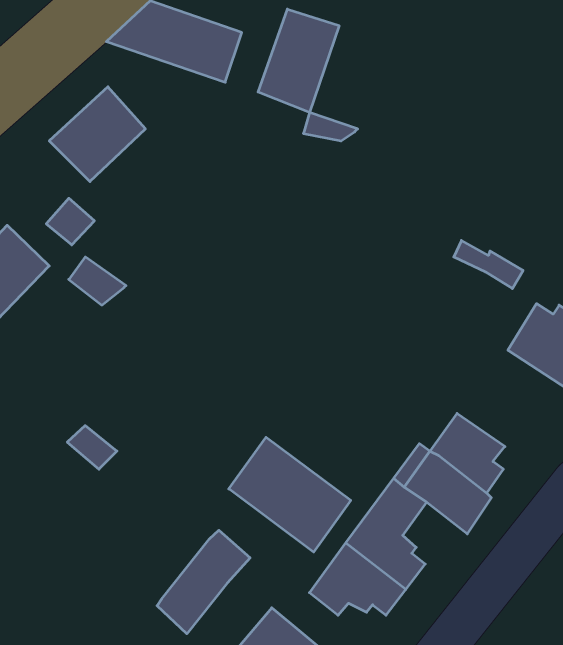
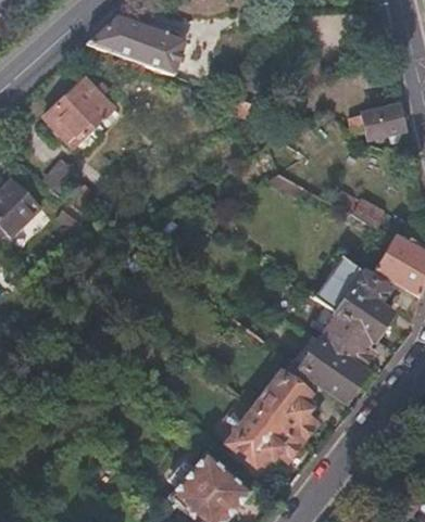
building: [258,9,339,112] -> none
building: none -> [361,105,407,141]
building: none -> [314,254,390,336]
building: [229,437,351,552] -> none
building: [157,530,250,634] -> none

